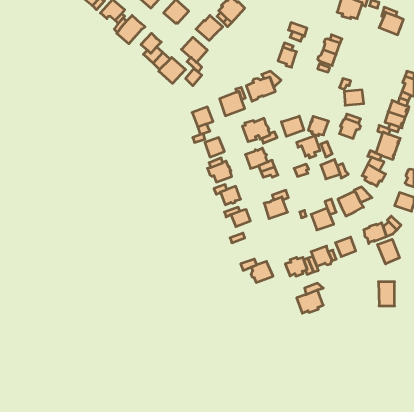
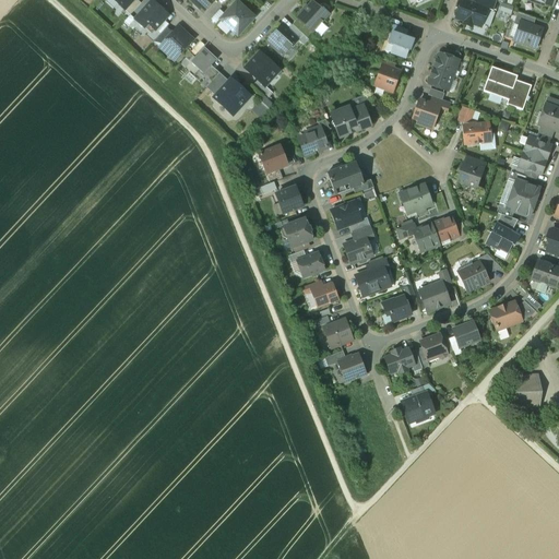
building: none -> [483,64,532,108]
building: [281,116,304,136] -> none
building: [308,116,329,136] -> [413,98,440,124]
building: none -> [413,223,440,250]
building: none -> [344,236,372,262]
building: none -> [382,295,411,320]
building: none -> [323,319,353,346]
building: [378,239,399,264] -> none

